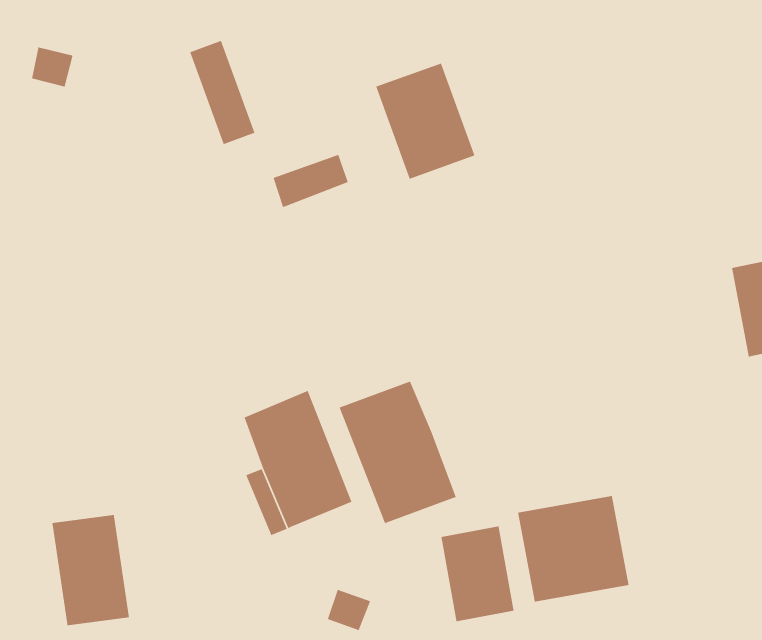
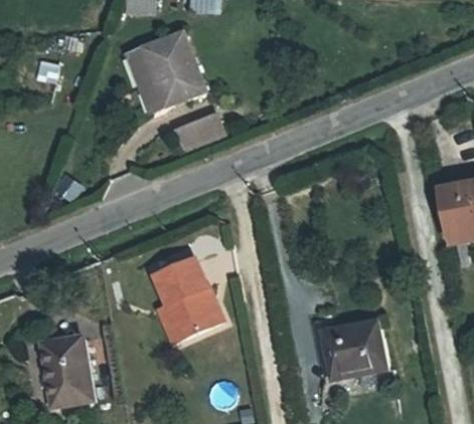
building: [375,62,475,180] -> [145,36,204,105]
building: [338,380,457,524] -> none
building: [441,526,514,622] -> none

